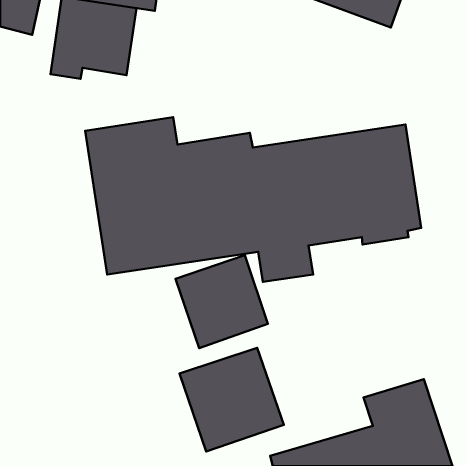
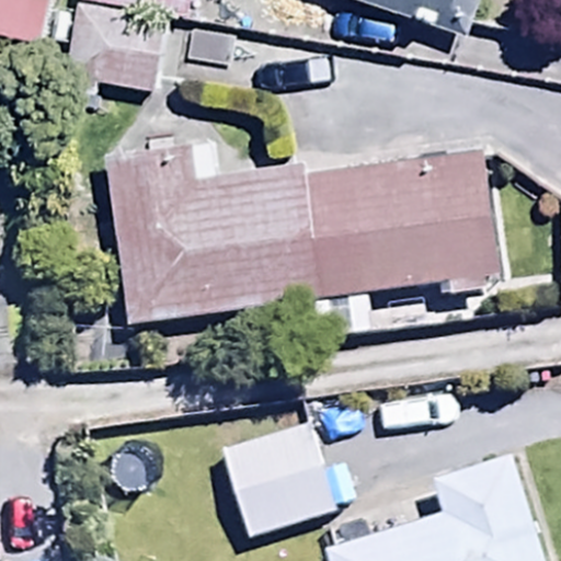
building: [176,255,268,348] -> none

